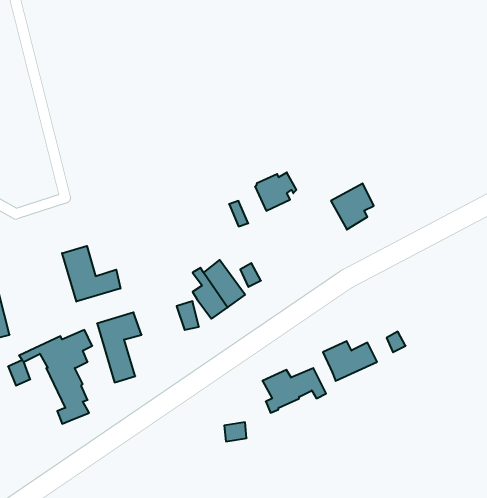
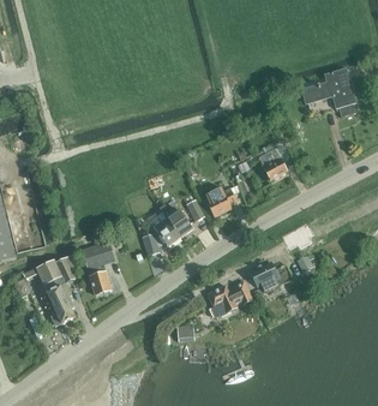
building: none -> [304,67,355,117]
building: [255,172,296,211] -> [205,187,236,216]
building: [62,246,120,302] -> none

